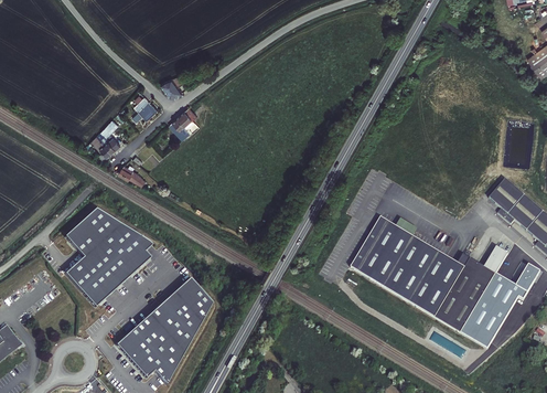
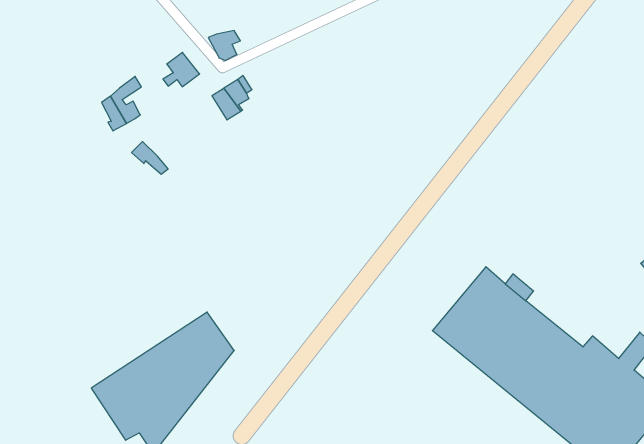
building: [65,208,152,306] -> none

